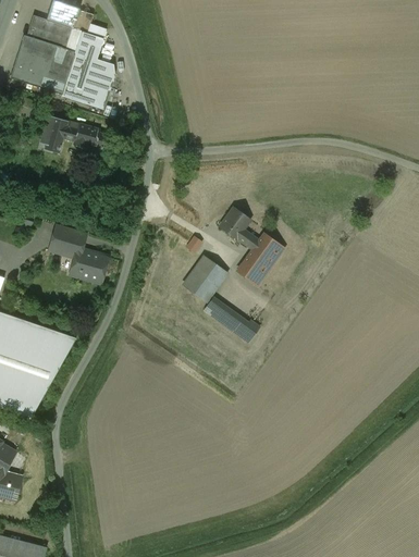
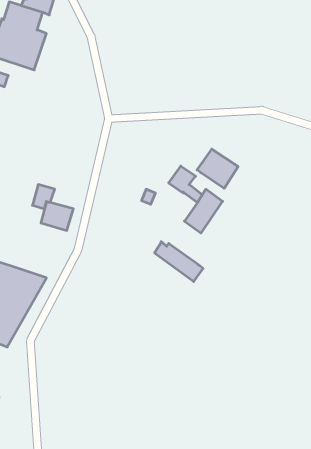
building: [62,32,114,108] -> none
building: [40,115,106,153] -> none
building: none -> [197,149,238,188]
building: [183,260,224,301] -> none

